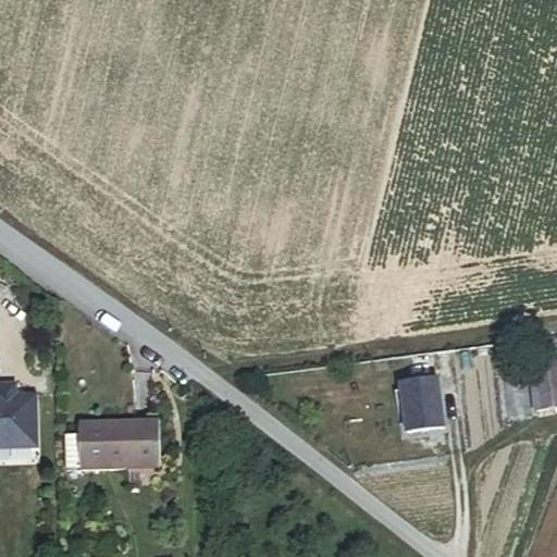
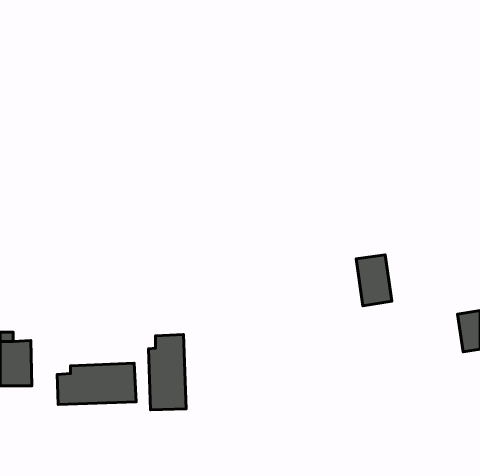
building: [401,368,443,426] -> [356,255,392,306]
building: none -> [149,335,186,410]

